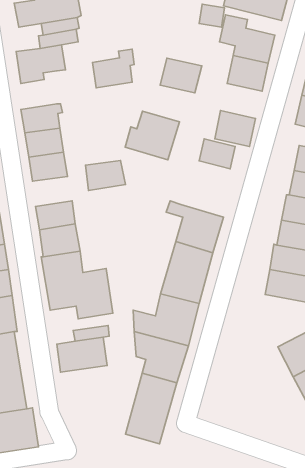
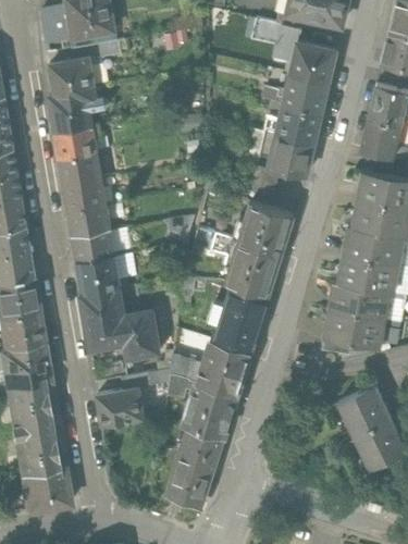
building: [92,49,134,88] -> [48,88,95,132]
building: [160,58,202,93] -> [276,102,323,141]
building: [125,111,179,160] -> [232,198,293,252]
building: [86,160,125,190] -> [65,207,110,240]

